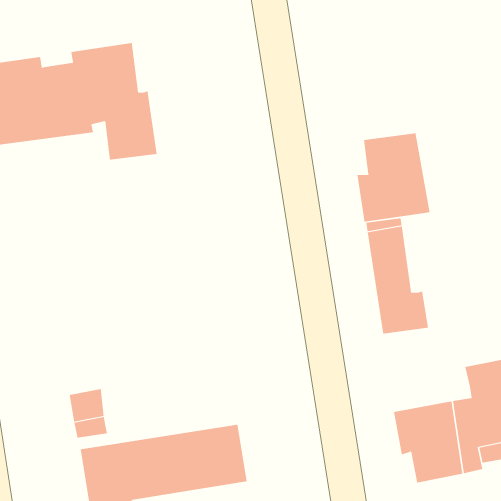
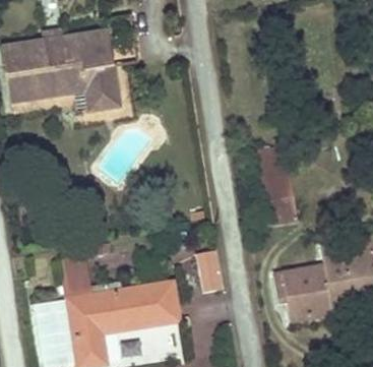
building: [357,133,430,223] -> none
building: none -> [199,250,224,291]

